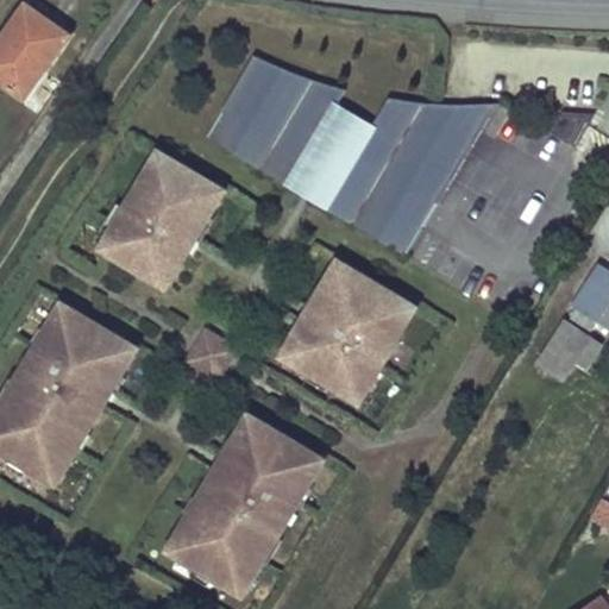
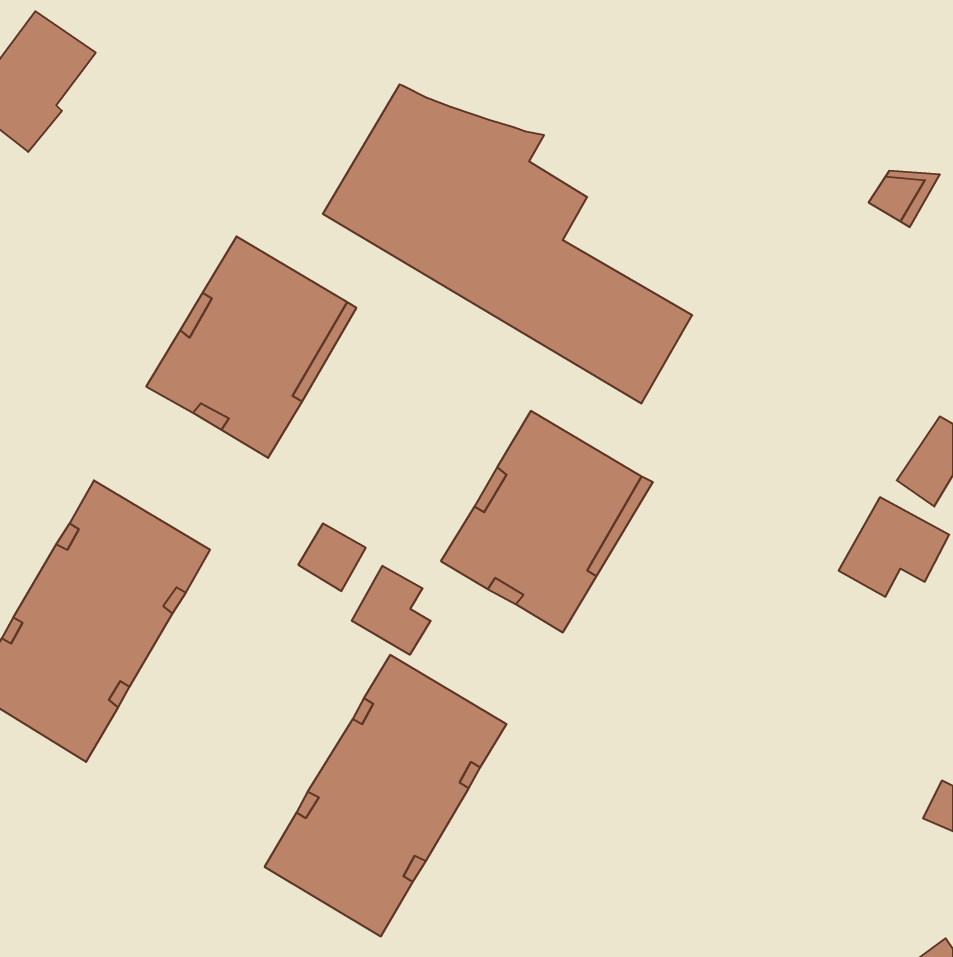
building: [357,96,500,201] -> none
building: none -> [352,566,431,655]

